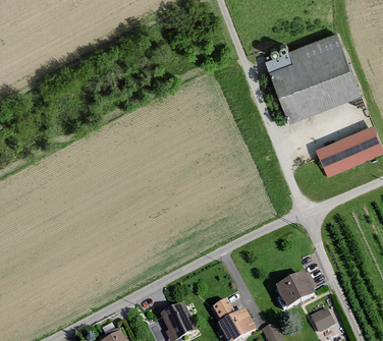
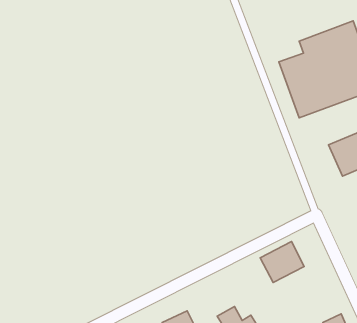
building: [270,271,312,309] -> [260,242,304,283]

